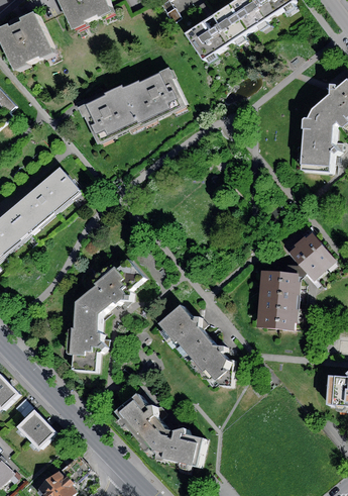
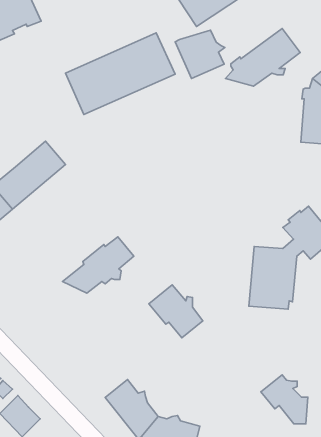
building: none -> [225,29,300,86]
building: none -> [175,30,225,78]
building: [72,302,107,371] -> none
building: [190,339,234,386] -> [261,375,308,424]

